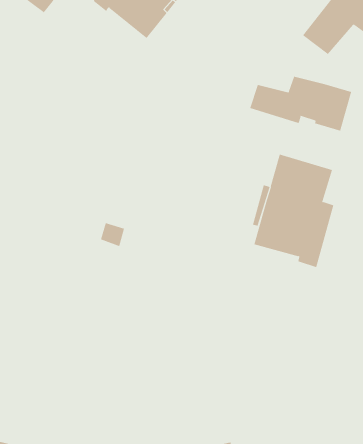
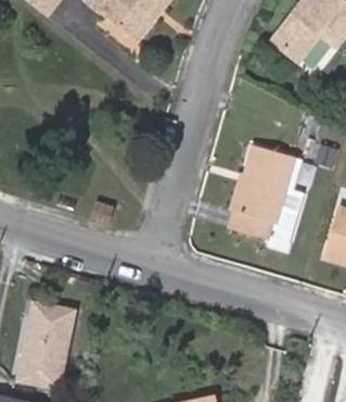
building: [250,76,352,131] -> none
building: none -> [18,304,72,387]

